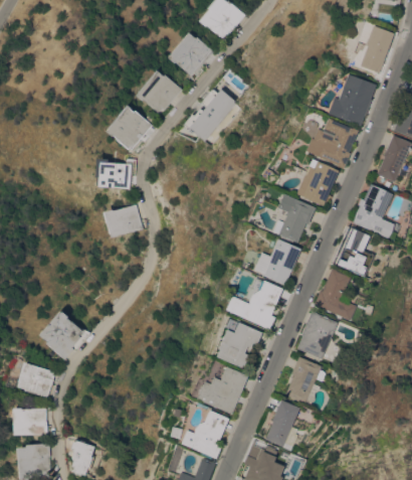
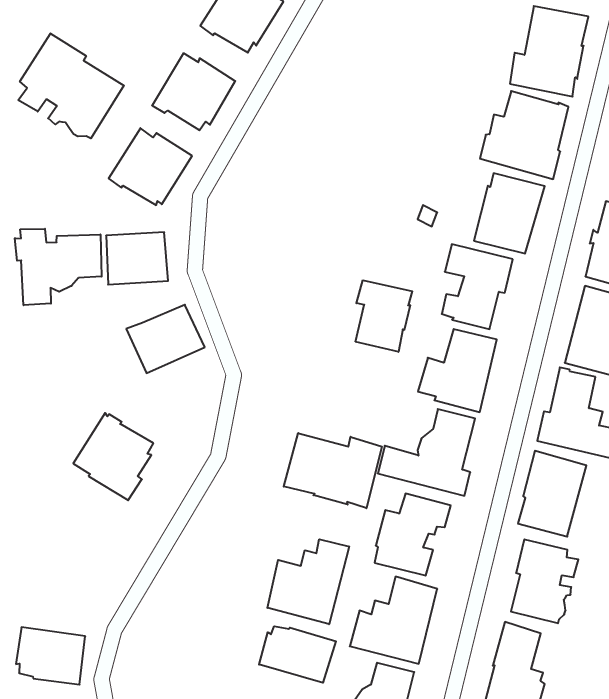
building: none -> [18,33,124,138]
building: [184,90,235,141] -> none
building: none -> [15,229,102,305]
building: none -> [356,280,412,352]
building: none -> [284,433,382,508]
building: [39,311,83,359] -> [73,413,153,500]
building: none -> [267,539,349,624]
building: none -> [259,626,336,683]

